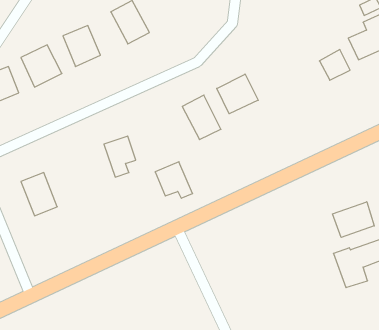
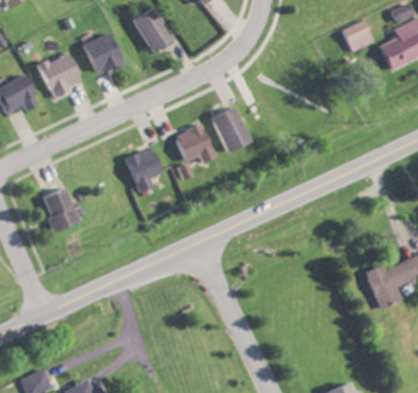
building: [319,50,350,80] -> [346,19,379,51]
building: [217,74,258,114] -> none
building: [155,162,193,198] -> [174,124,214,162]
building: [333,202,374,237] -> none

